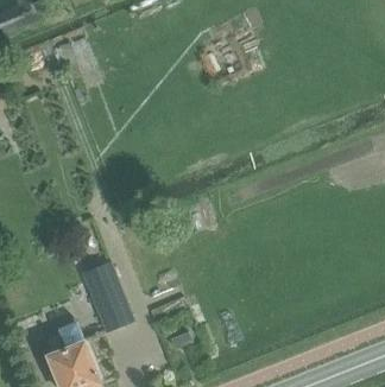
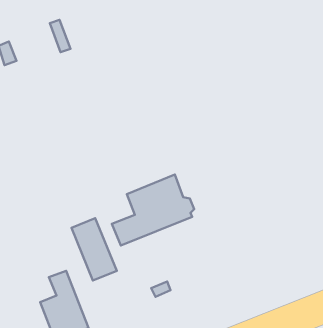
building: none -> [112,175,194,245]

